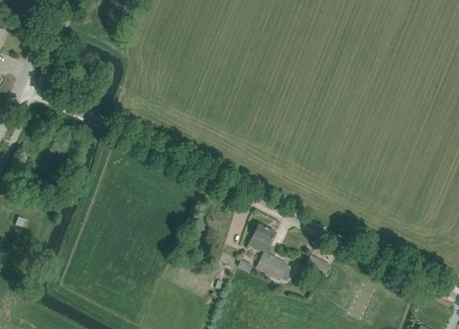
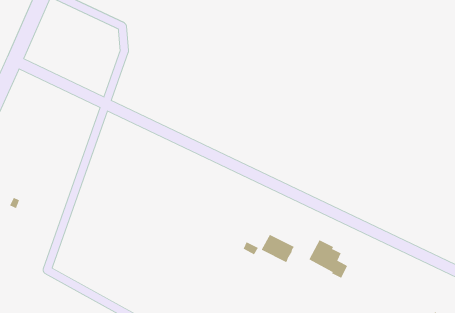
building: [248,223,275,252] -> none

